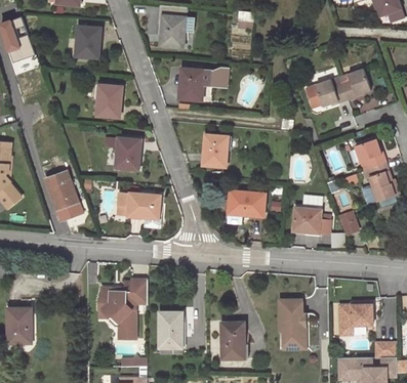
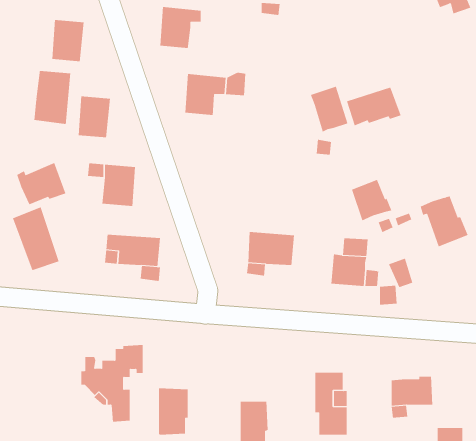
building: none -> [34,70,71,125]
building: [339,69,369,99] -> none
building: none -> [310,86,348,133]
building: [202,134,228,167] -> none
building: none -> [16,162,66,205]
building: [354,137,385,170] -> [351,179,392,221]

